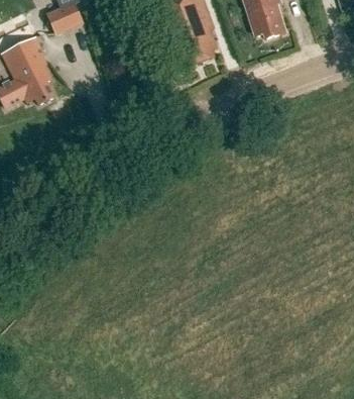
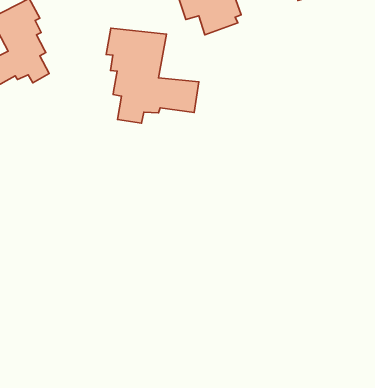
building: none -> [106,28,199,123]

